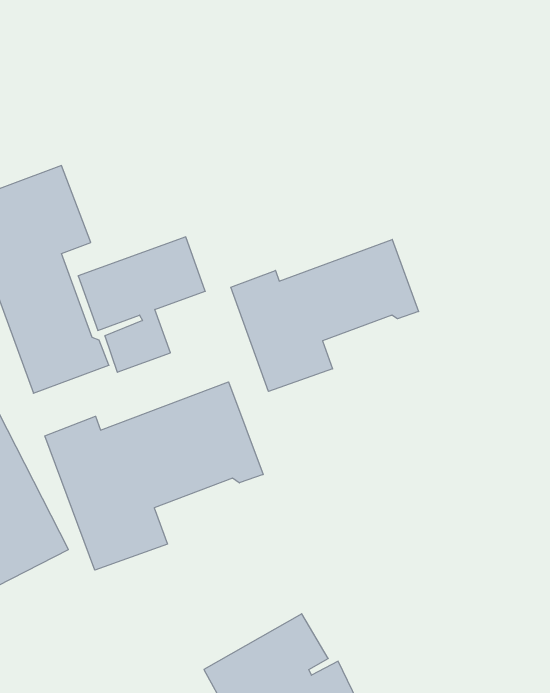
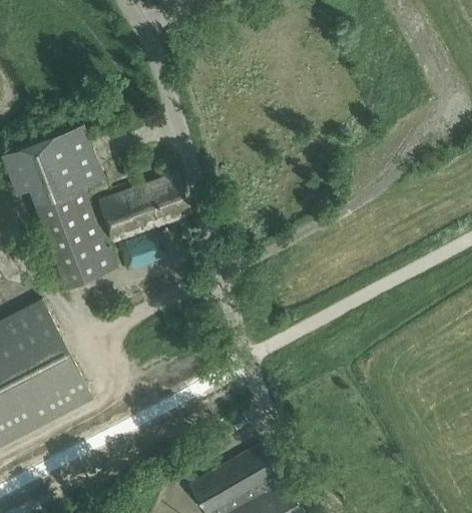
building: [231,239,419,391] -> none
building: [45,382,263,570] -> none

